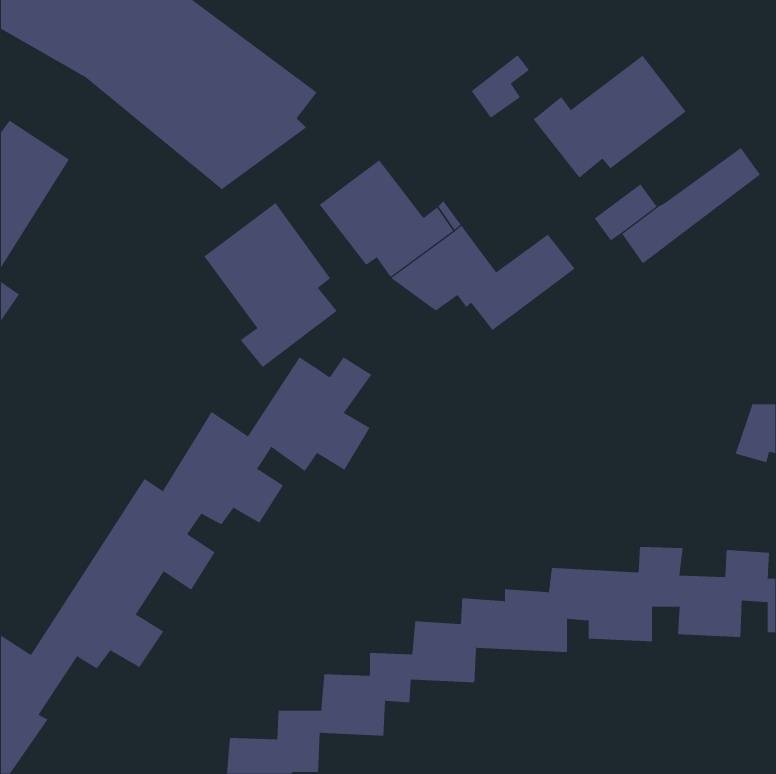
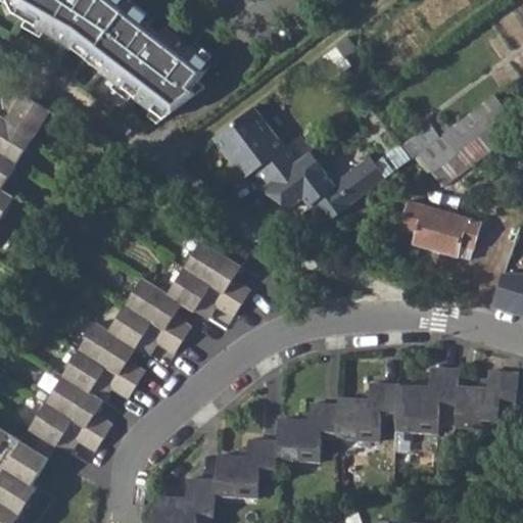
building: [533,55,687,179] -> none
building: [204,202,337,368] -> none
building: none -> [401,202,481,259]

